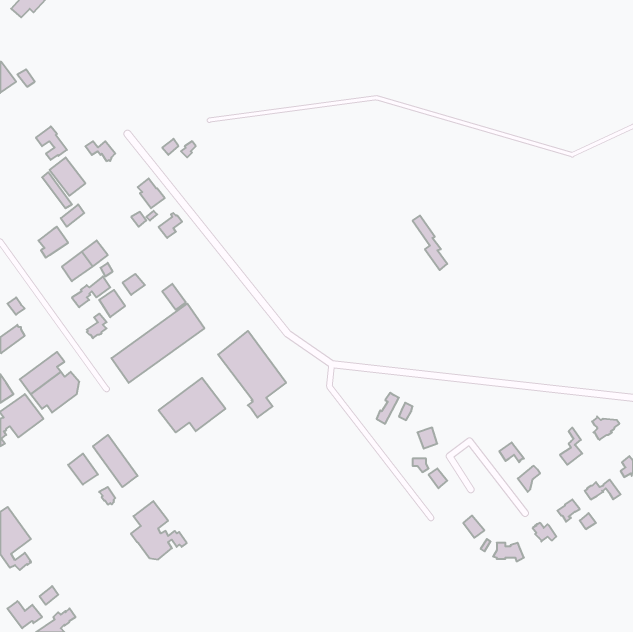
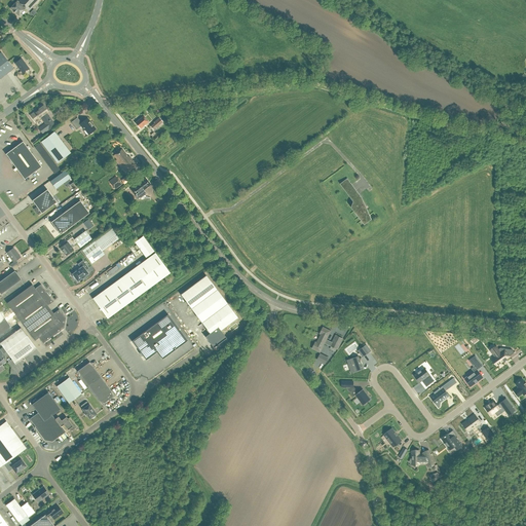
building: none -> [5,141,41,178]
building: none -> [7,284,47,314]
building: [131,501,187,559] -> [30,391,76,440]

